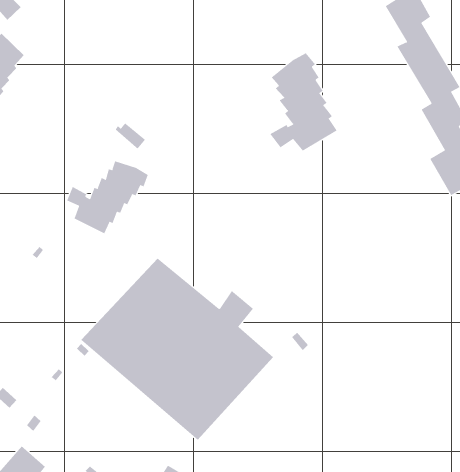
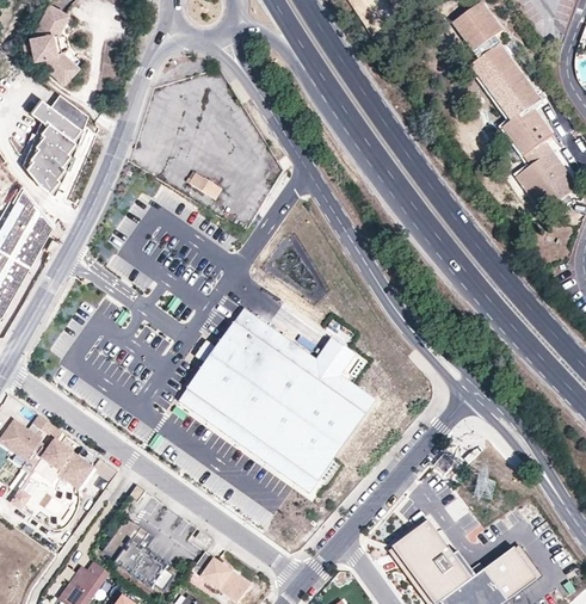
building: [269,53,338,152] -> none
building: [66,160,148,234] -> none

